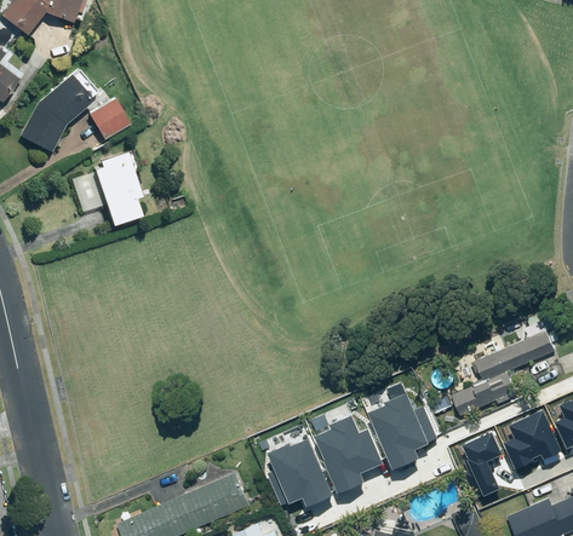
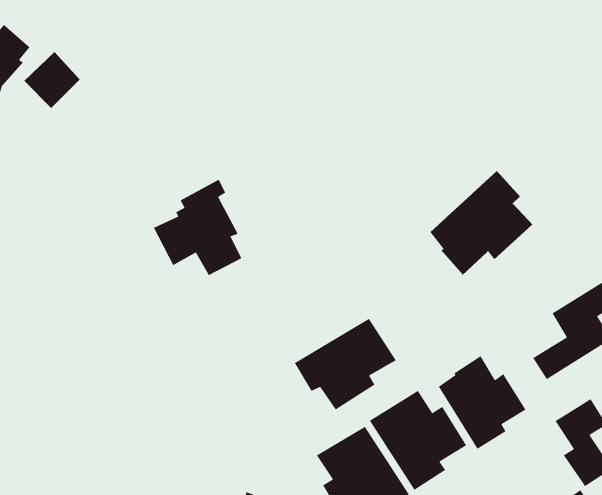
building: [71,150,138,225] -> [153,179,243,276]
building: none -> [430,170,533,276]
building: none -> [294,318,397,410]

